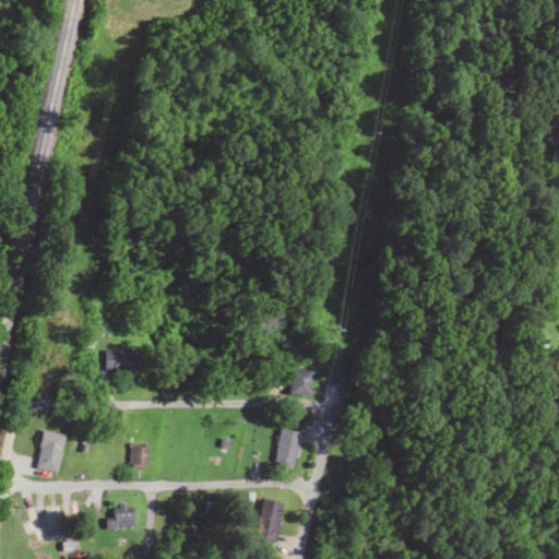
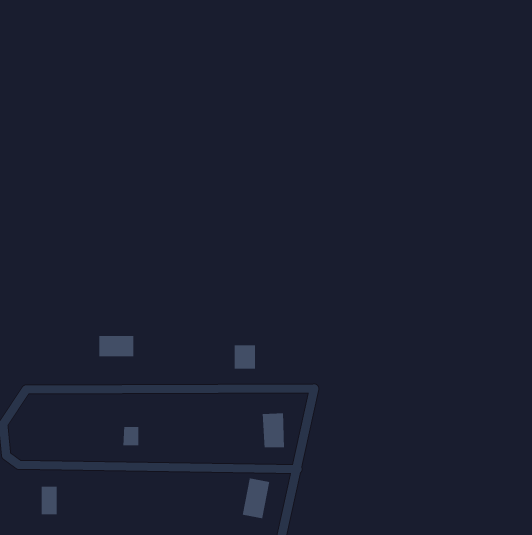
building: [290,369,313,395] -> [234,344,256,370]
building: [39,429,63,471] -> none
building: [108,504,135,528] -> none

